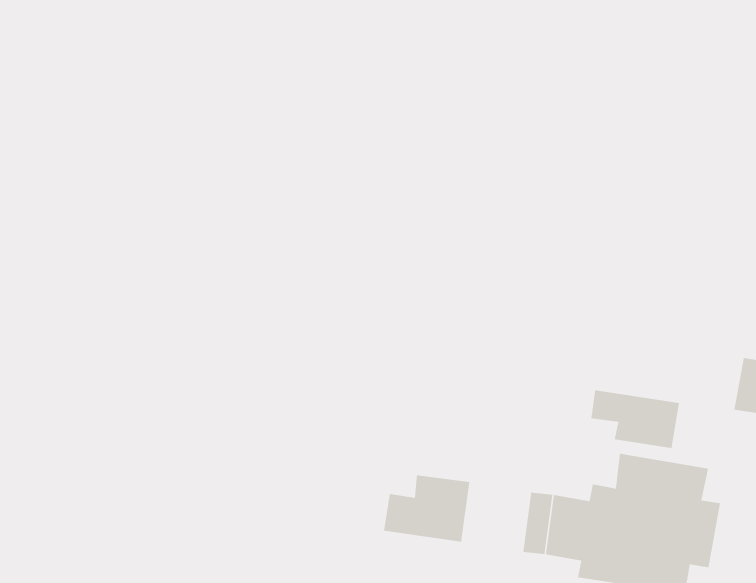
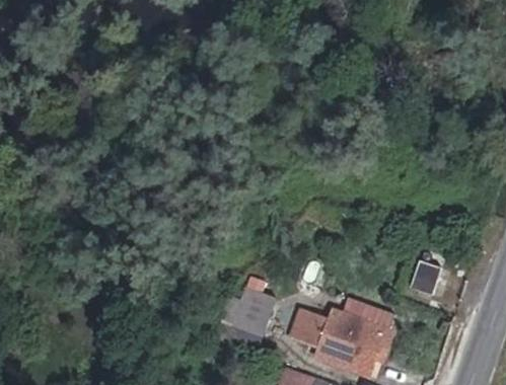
building: [591,390,679,449] -> none

